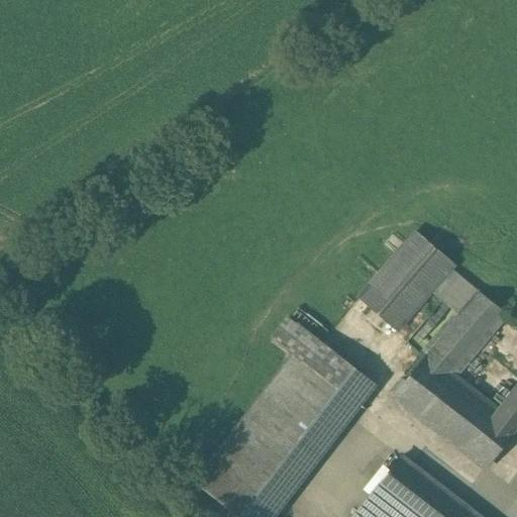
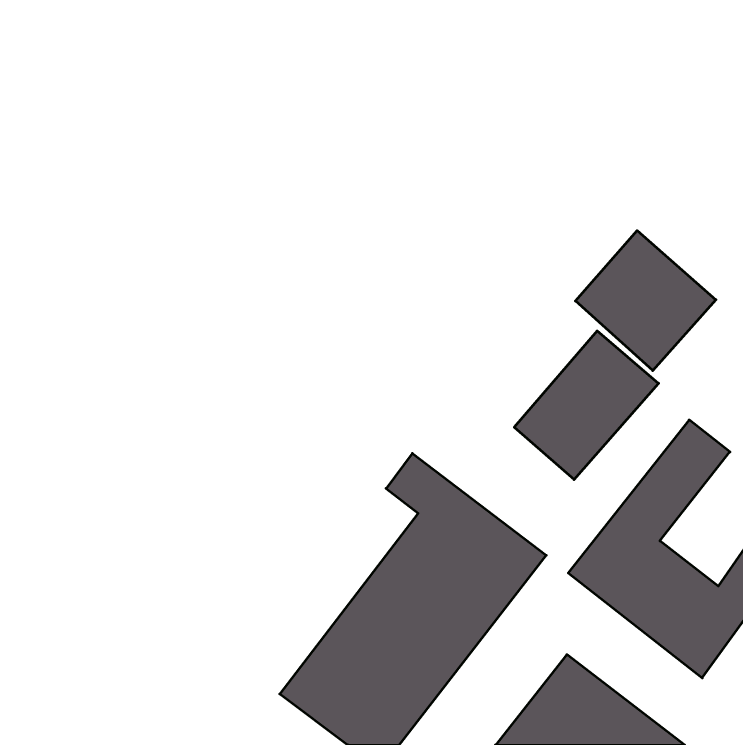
building: none -> [575,231,716,371]
building: [435,271,478,313] -> none

